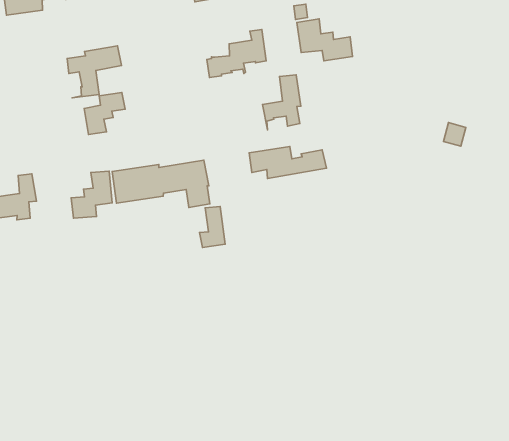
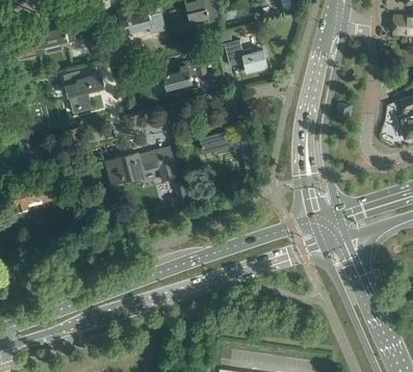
building: [263,75,301,130] -> none
building: [84,92,125,135] -> none
building: [71,171,112,218] -> none

